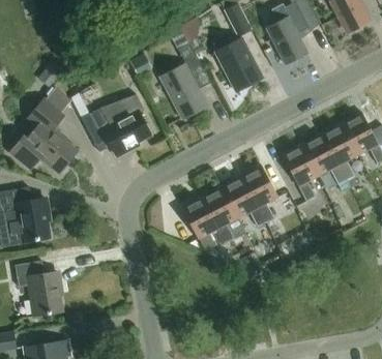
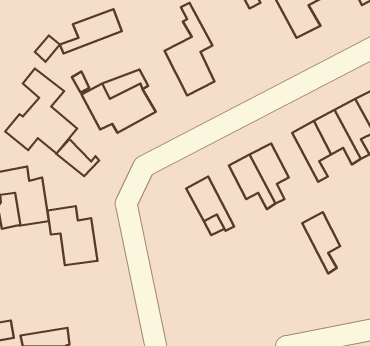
building: none -> [60,9,122,53]
building: [215,37,263,91] -> none
building: none -> [56,139,99,176]
building: [202,185,238,243] -> [302,212,340,273]
building: [16,260,63,316] -> [47,206,98,265]

